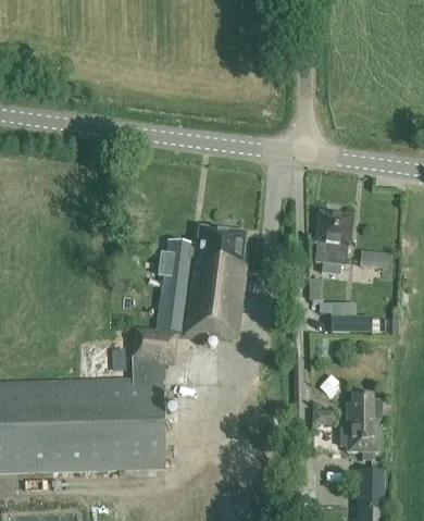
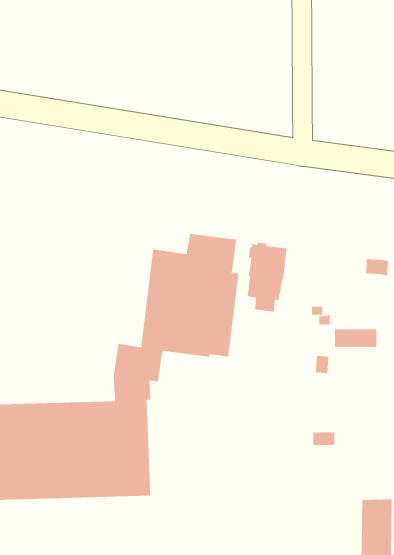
building: [314,209,351,273] -> [247,242,288,312]
building: [347,394,376,458] -> none

